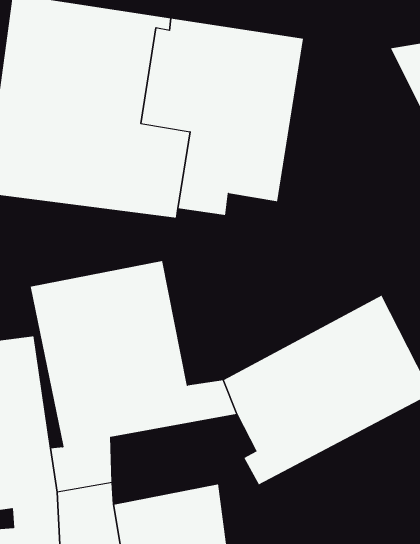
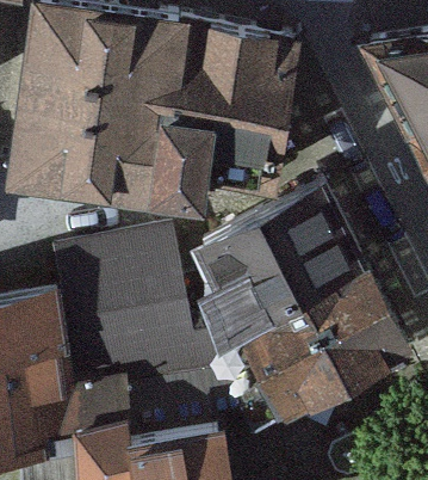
building: none -> [205,183,362,333]

